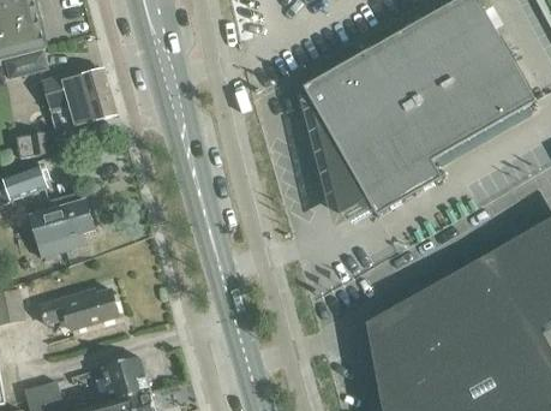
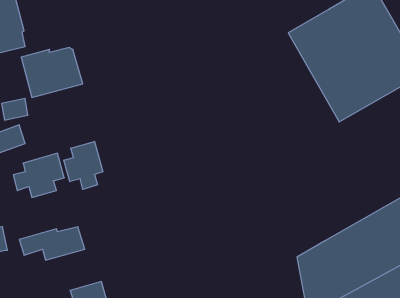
building: [304,52,441,215] -> none
building: none -> [64,141,103,189]

